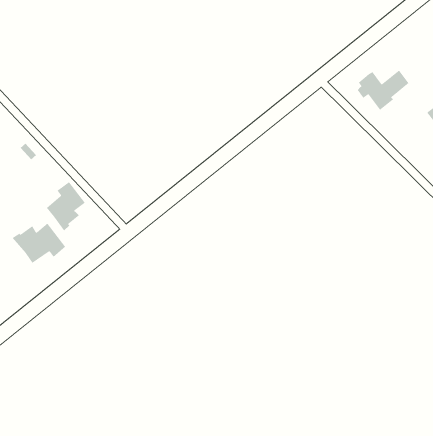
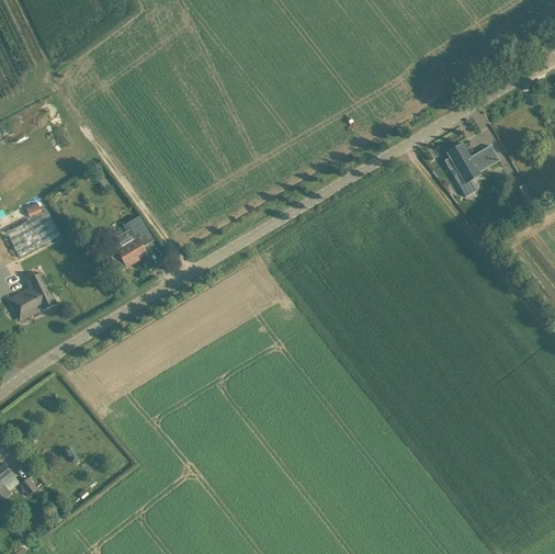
building: [12,223,66,264] -> none

